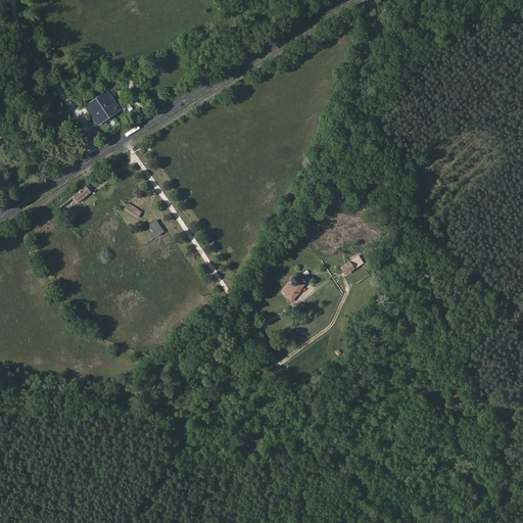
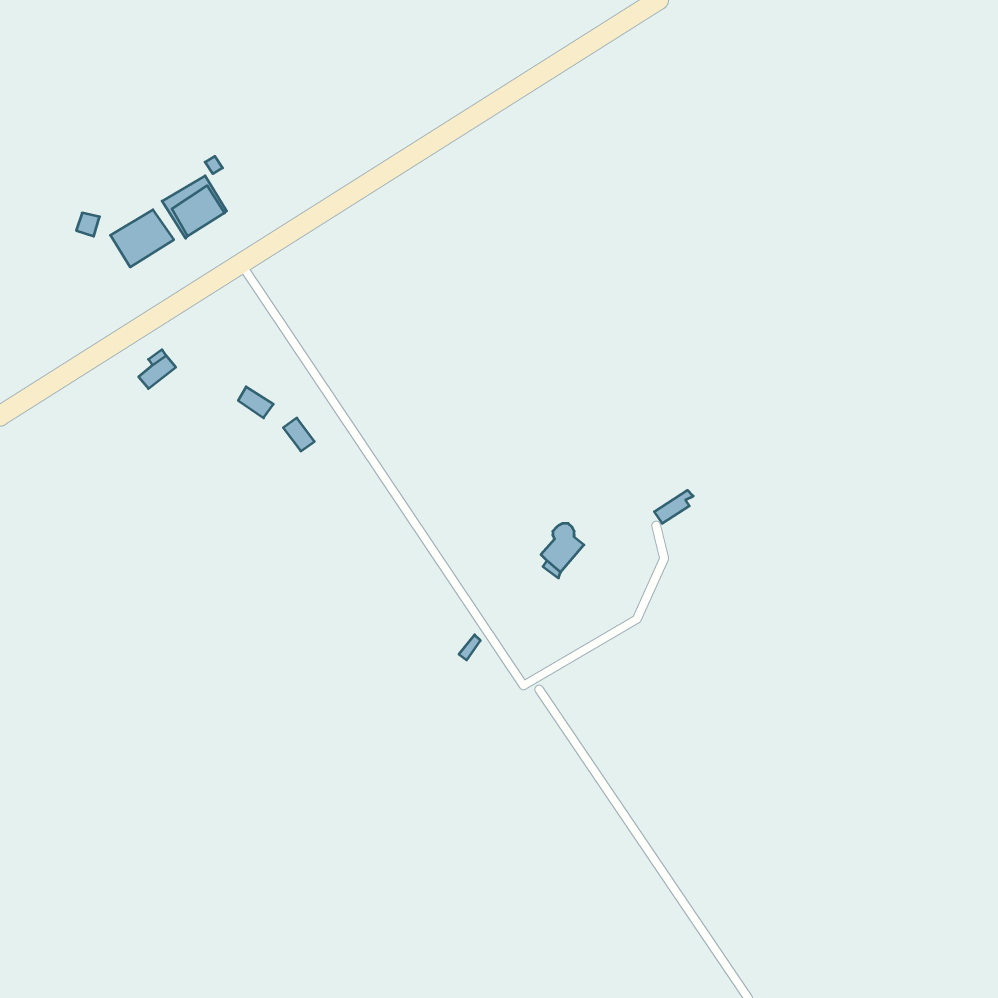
building: none -> [110,210,174,267]

